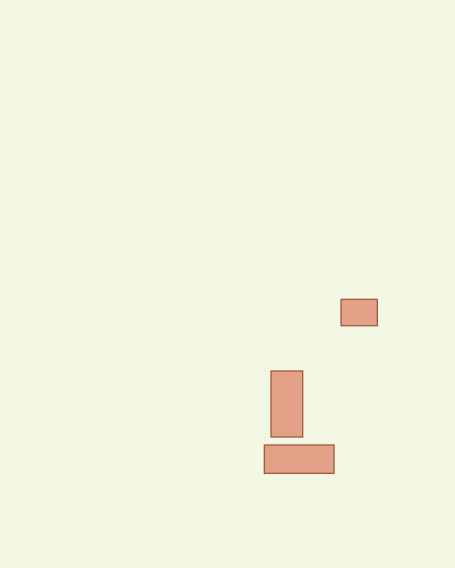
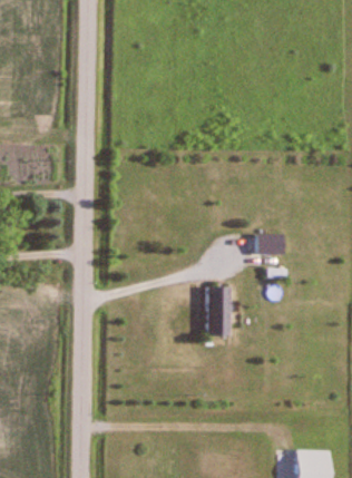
building: [265,445,334,474] -> none

